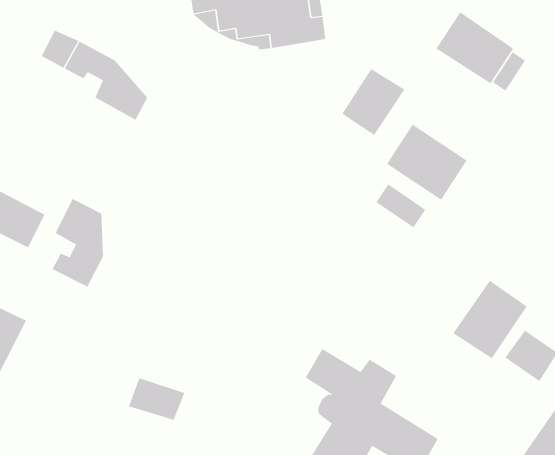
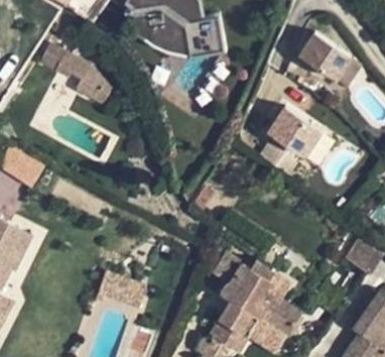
building: [342,68,405,136] -> none
building: [52,198,104,288] -> none
building: [453,280,528,359] -> none

